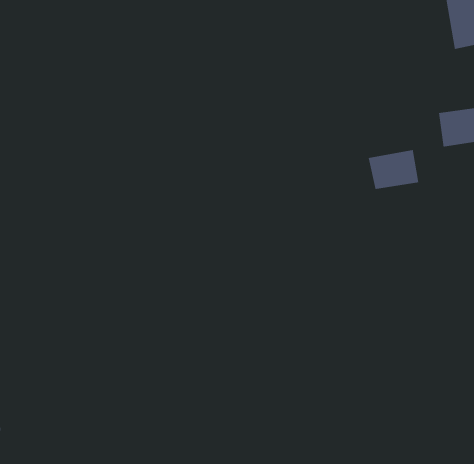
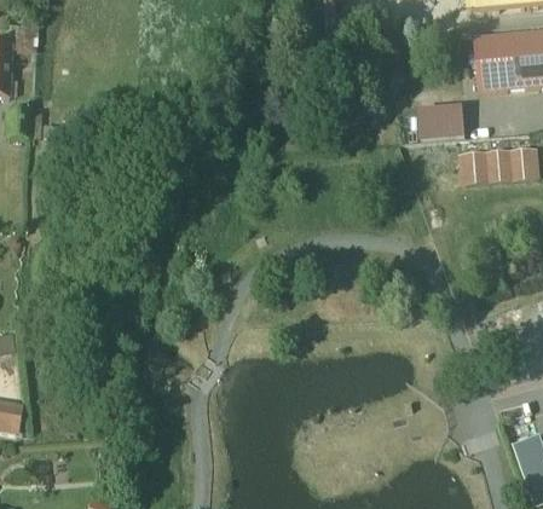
building: [368,150,419,189] -> [418,104,464,138]

